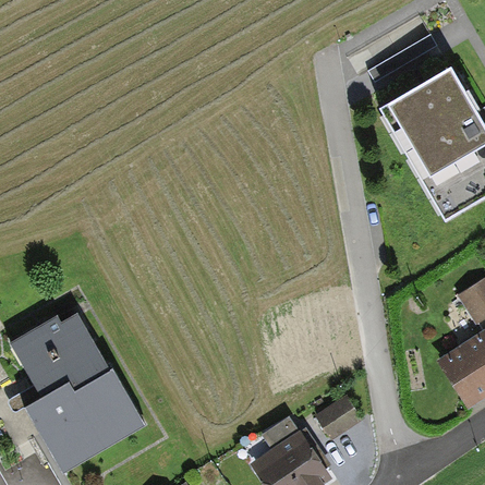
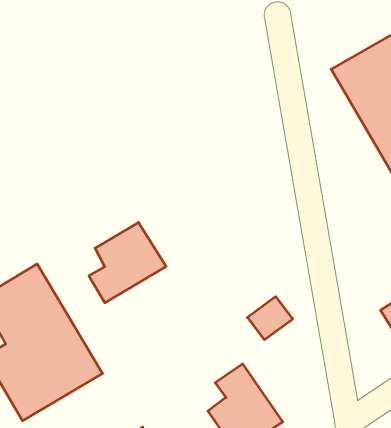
building: none -> [89,222,166,303]
building: [317,392,364,437] -> [247,297,293,340]

